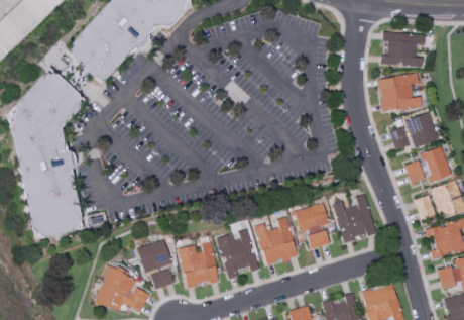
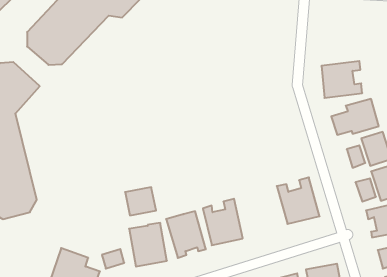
building: [381,31,425,67] -> none
building: [295,203,329,248] -> none
building: [138,241,170,271] -> [125,187,156,215]

